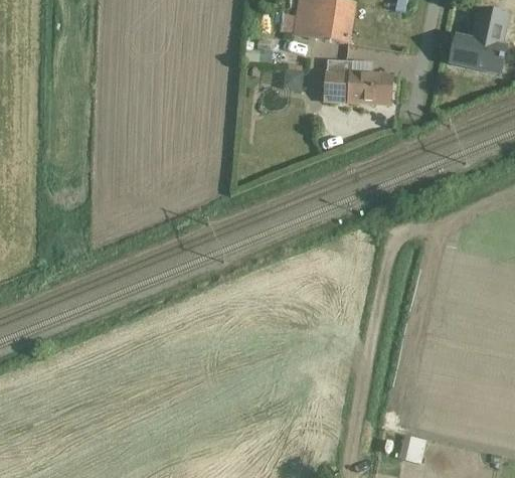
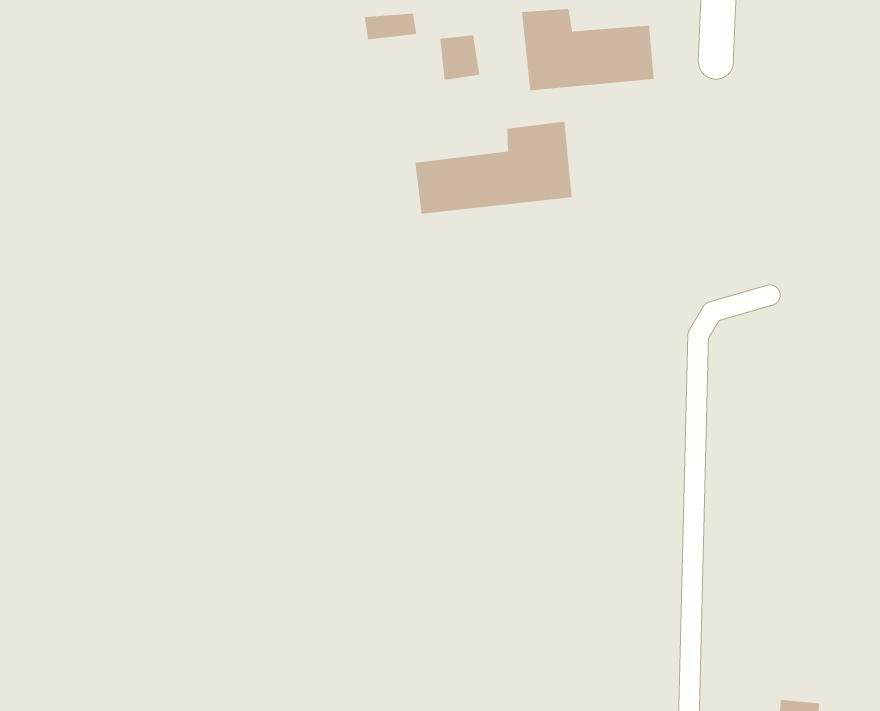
building: none -> [415,121,572,215]

